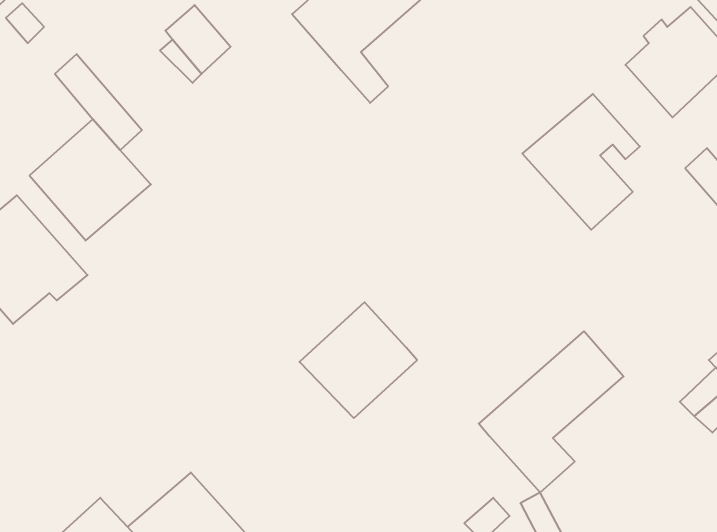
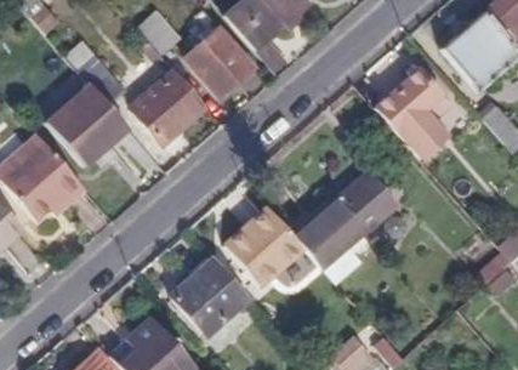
building: none -> [176,23,244,91]
building: none -> [129,69,206,146]
building: [479,331,624,492] -> [297,176,394,284]
building: none -> [170,256,250,334]

